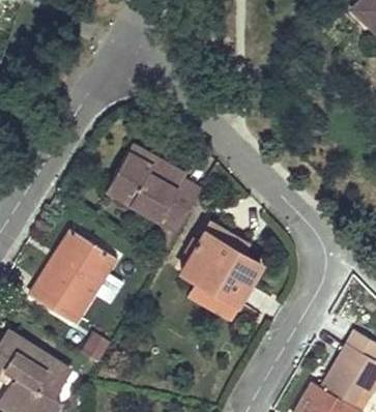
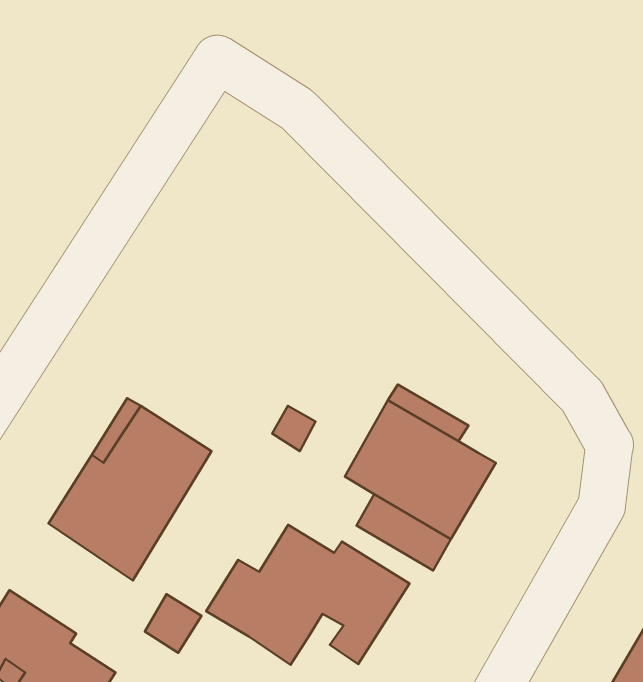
building: [106,144,201,230] -> none
building: none -> [206,525,410,665]

